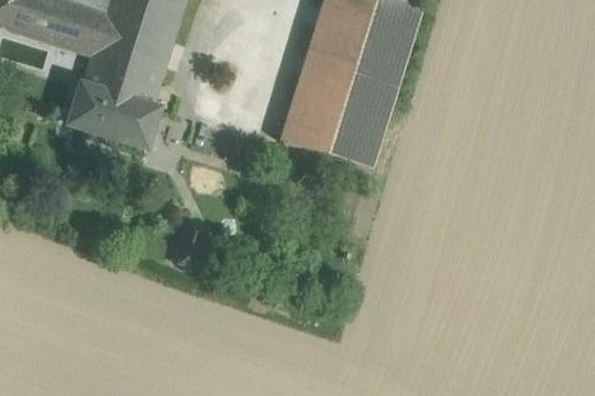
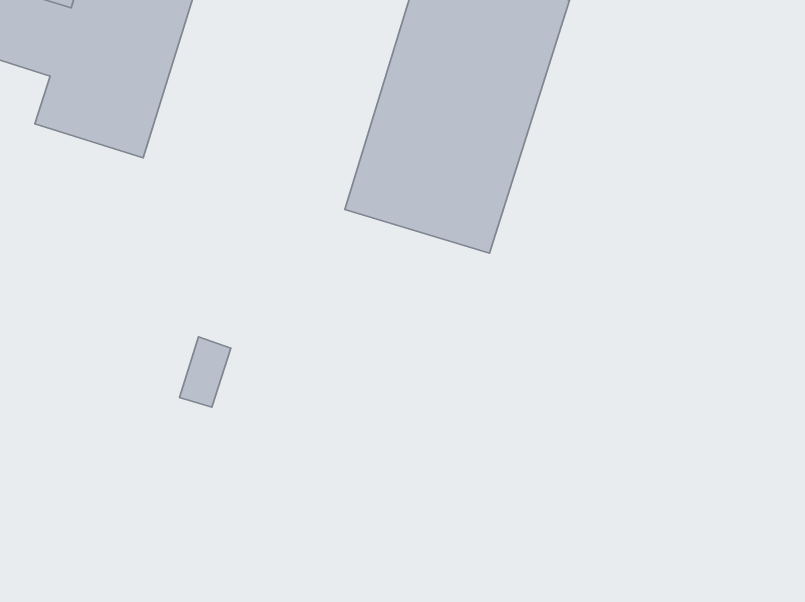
building: [70,87,158,149] -> none

